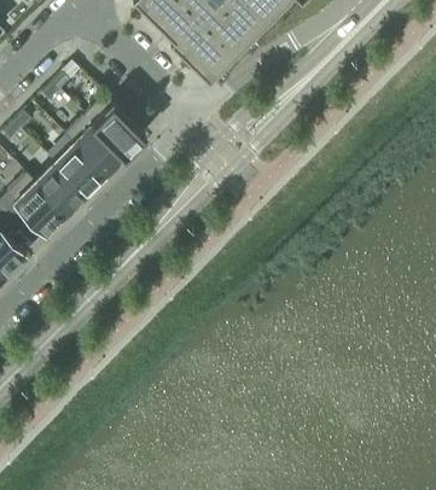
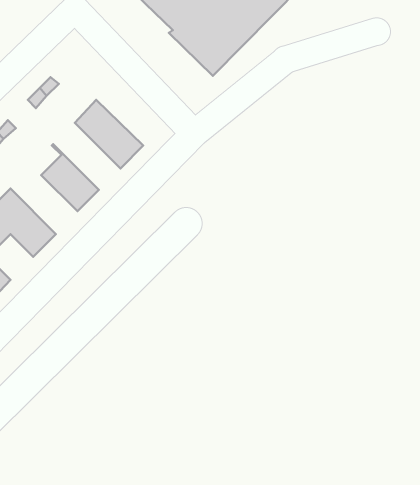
building: [64,117,124,177] -> none
building: [25,164,86,217] -> none

